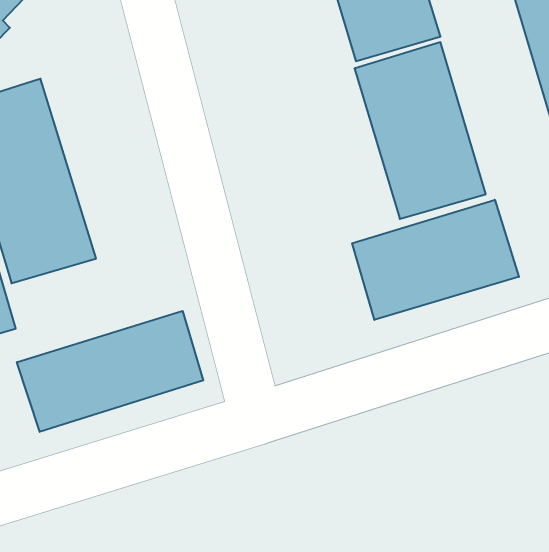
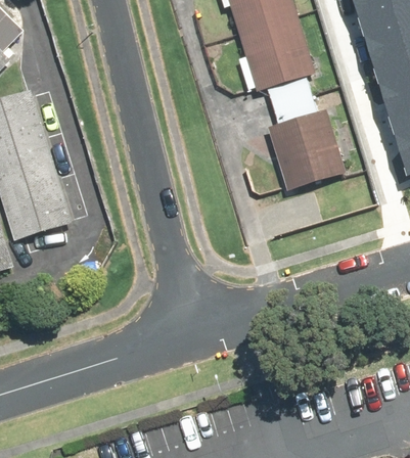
building: [352,200,519,320] -> none
building: [17,311,203,432] -> none

